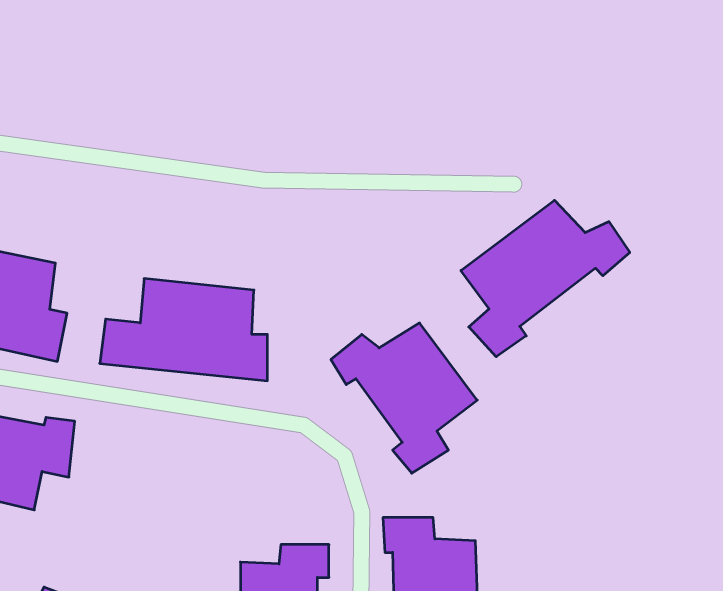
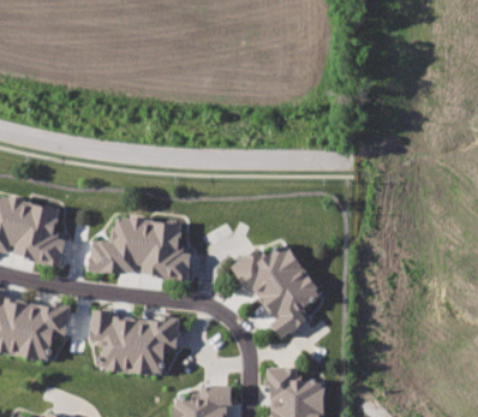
building: [461,200,630,357] -> none
building: none -> [88,309,179,376]

